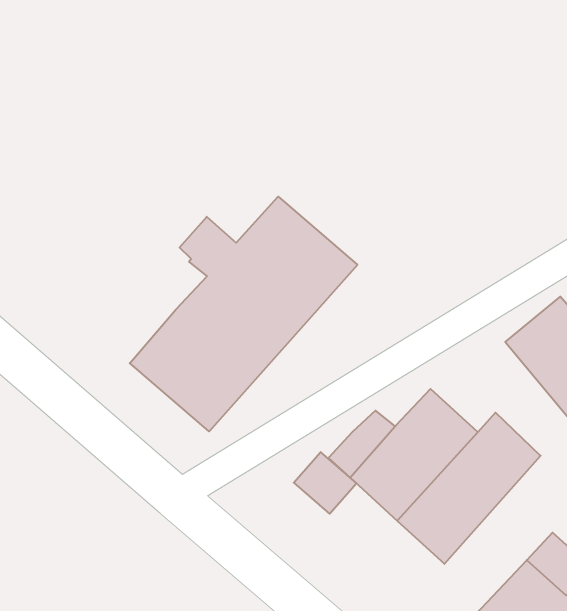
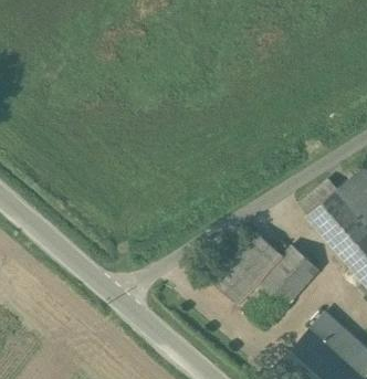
building: [130,197,357,431] -> none
building: [294,452,357,514] -> none

